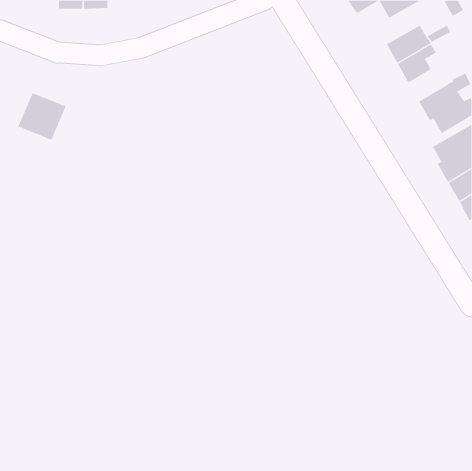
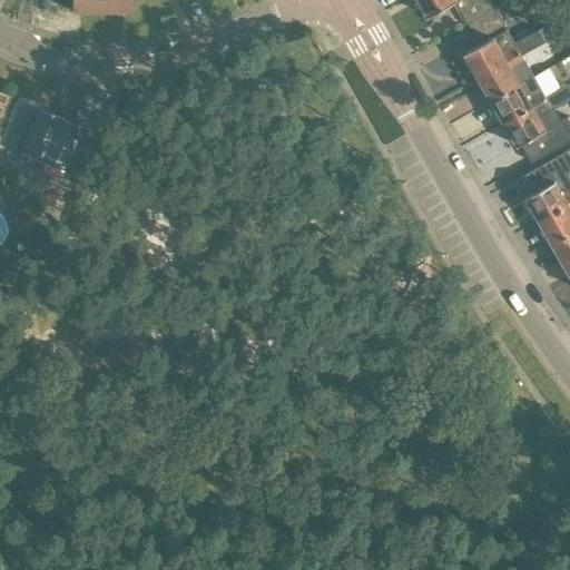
building: none -> [469,8,505,41]
building: none -> [492,77,546,124]

